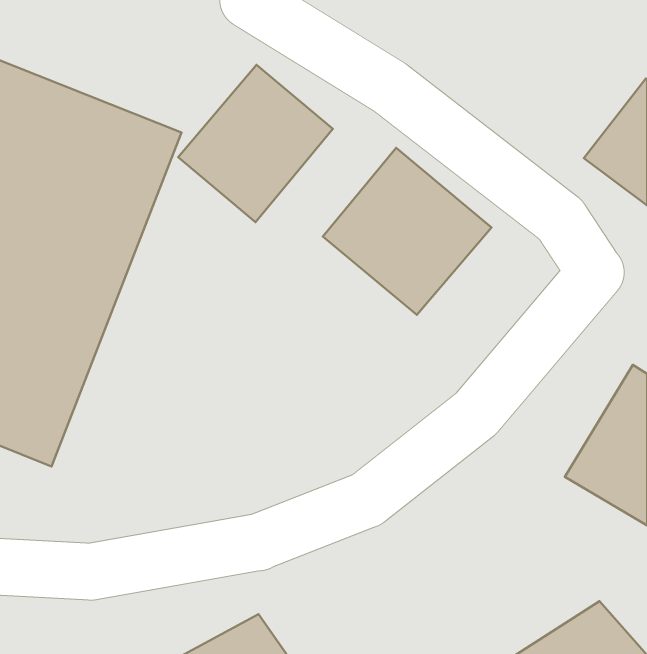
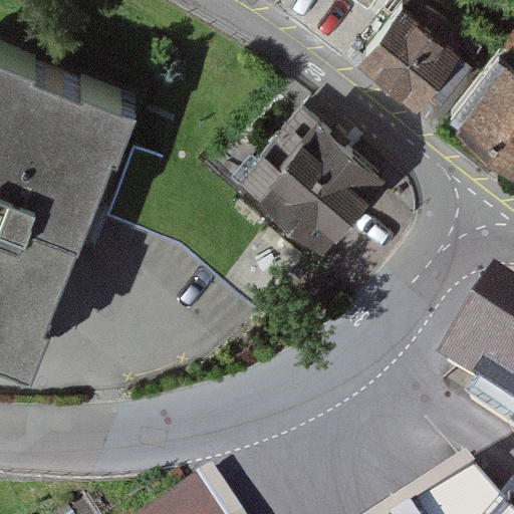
building: none -> [356,8,459,109]
building: [178,65,333,222] -> none

